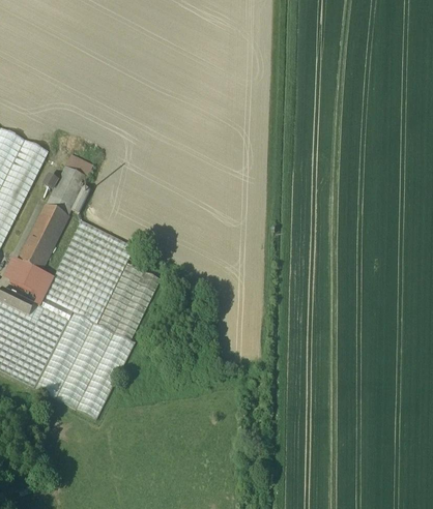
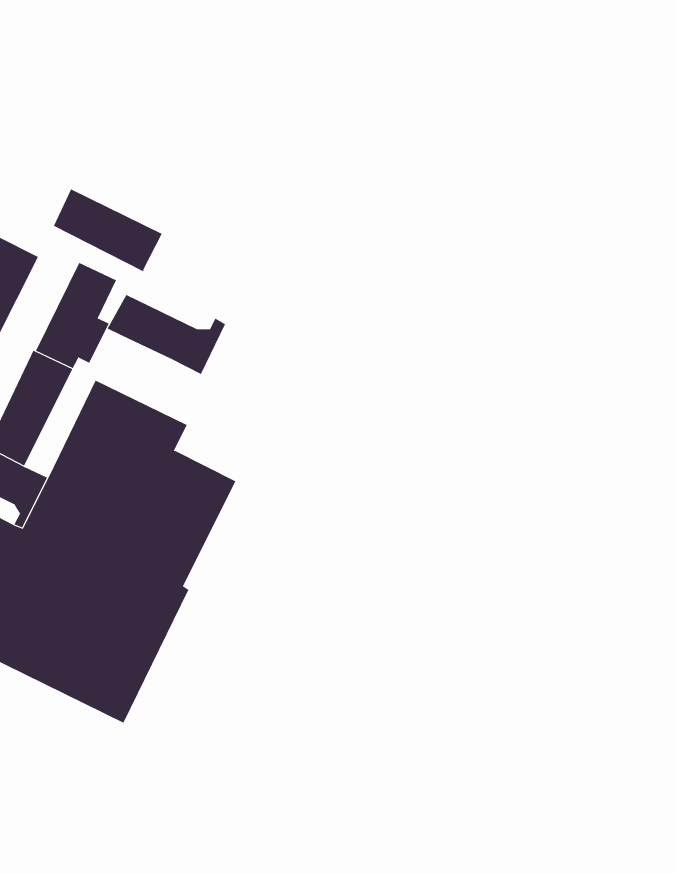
building: none -> [53,189,163,272]
building: none -> [107,294,226,375]

